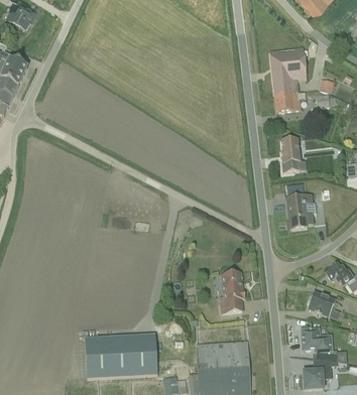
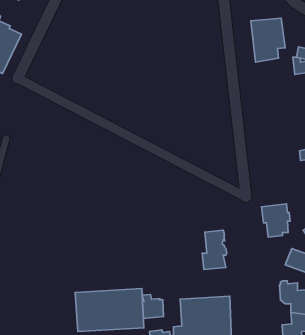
building: [275,92,302,112] -> none
building: [281,139,301,173] -> none
building: [285,195,316,231] -> [262,204,290,237]
building: none -> [142,295,164,318]

